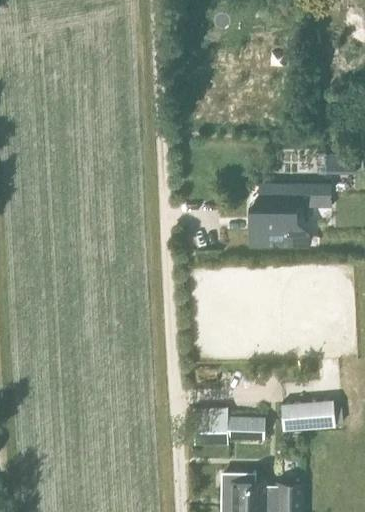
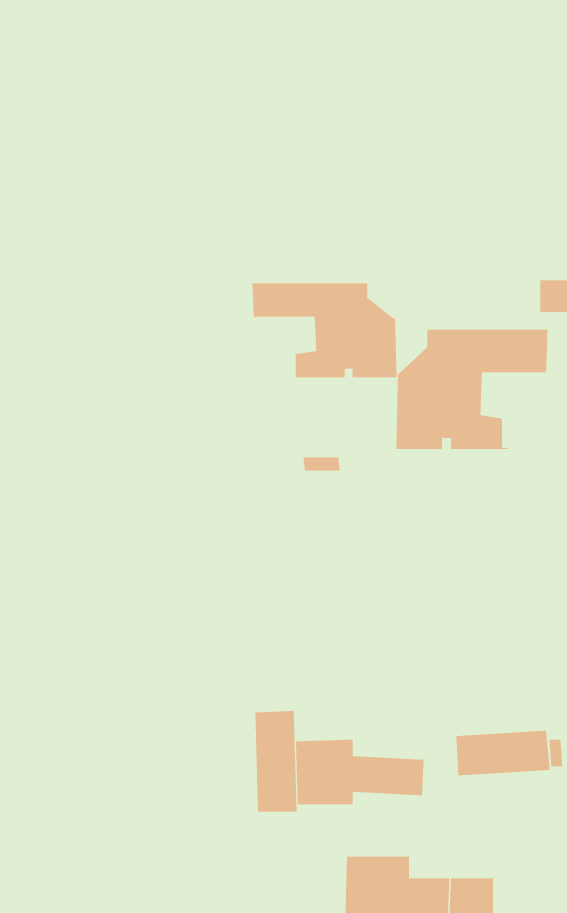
building: none -> [252,283,397,378]
building: none -> [255,710,297,813]

